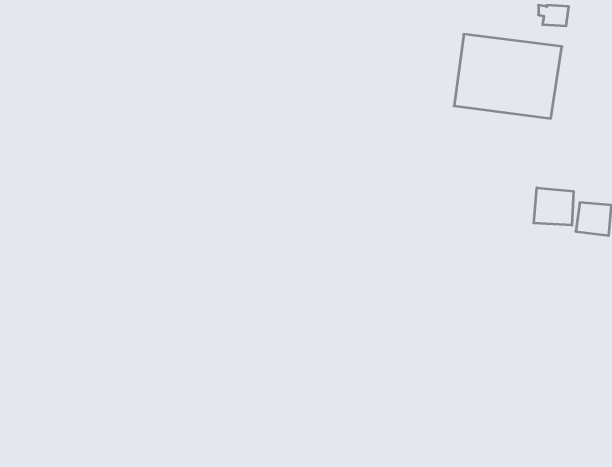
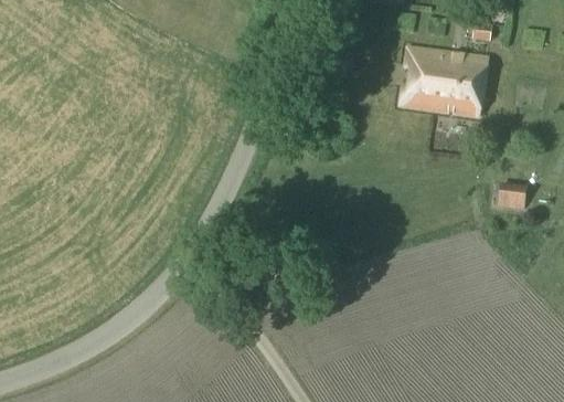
building: [534,188,573,225] -> none

